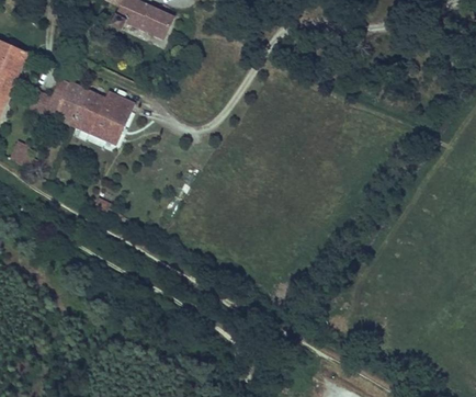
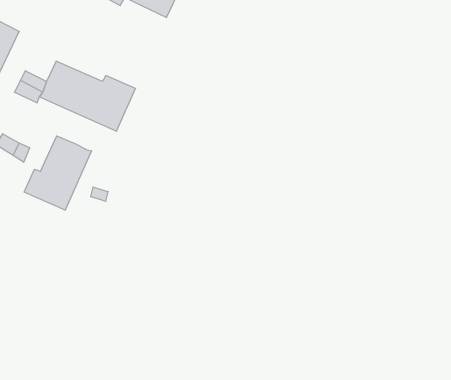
building: none -> [24,136,92,210]

